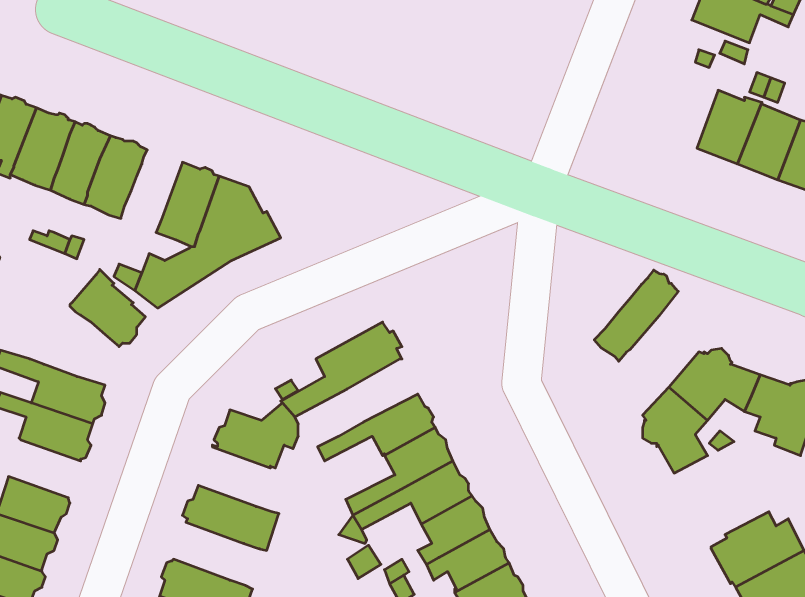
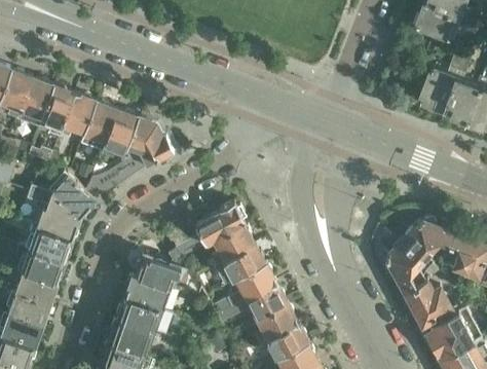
building: none -> [81,102,117,150]
building: [594,270,678,361] -> none
building: none -> [27,186,80,239]
building: none -> [204,224,255,269]
building: none -> [15,271,60,305]
building: none -> [126,275,168,310]
building: none -> [405,280,454,325]
building: none -> [112,320,153,354]

